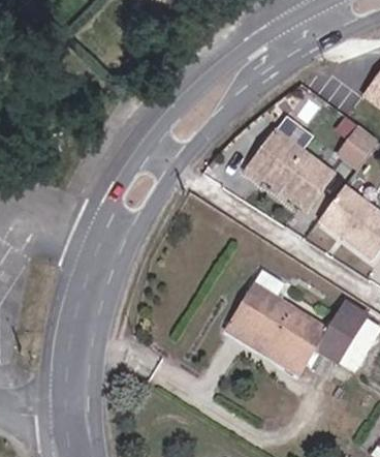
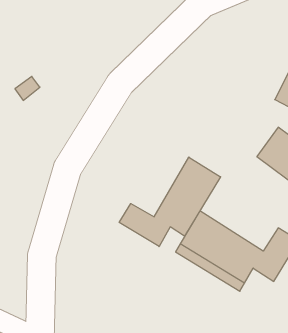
building: [246,128,336,208] -> none
building: none -> [119,157,221,247]

